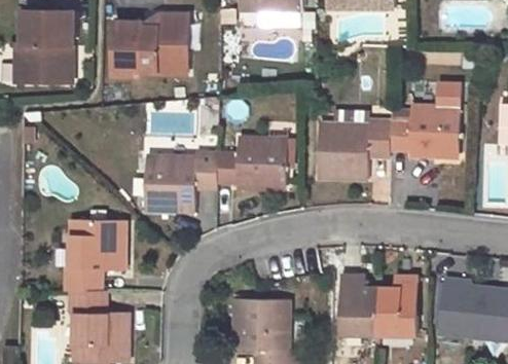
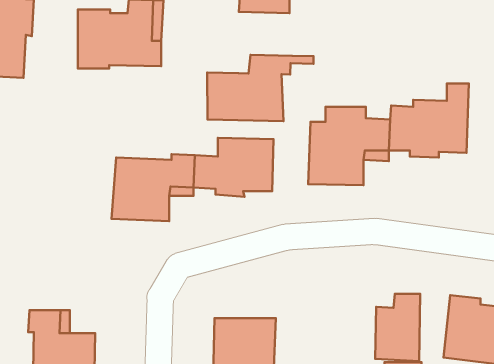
building: none -> [207,55,314,121]
building: [65,219,125,291] -> none
building: [339,277,378,334] -> none

